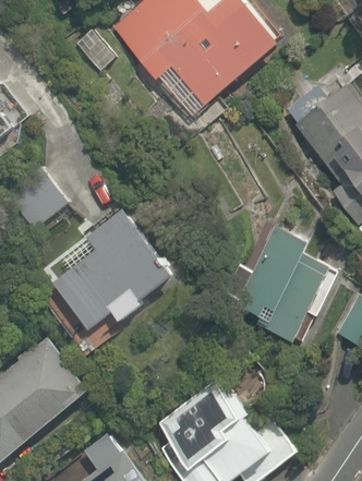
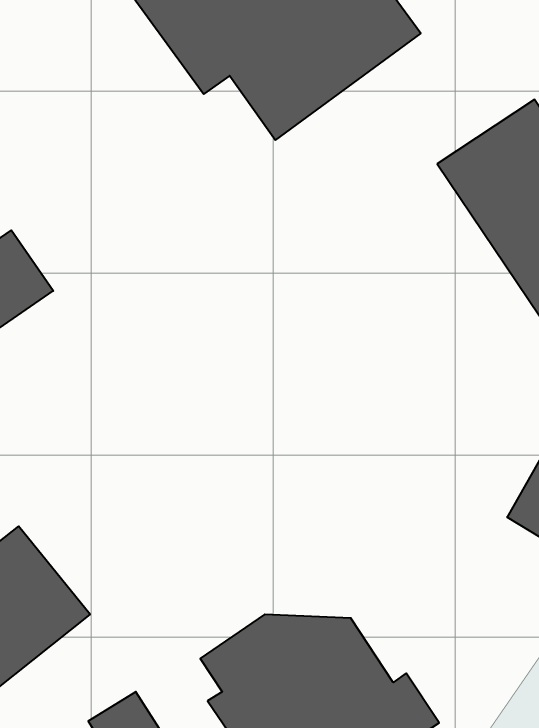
building: [49,208,172,332] -> none
building: [241,227,331,338] -> none

